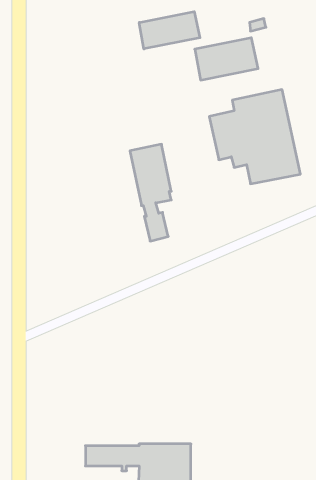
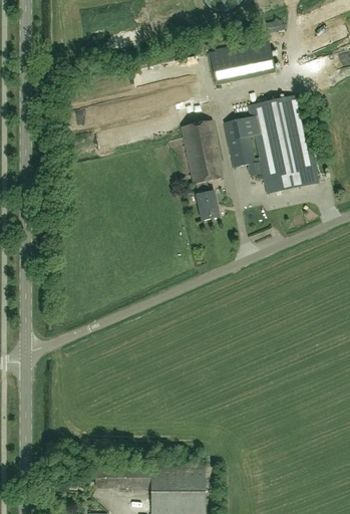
building: [139,12,200,49] -> none
building: [130,144,171,241] -> [181,119,224,221]

